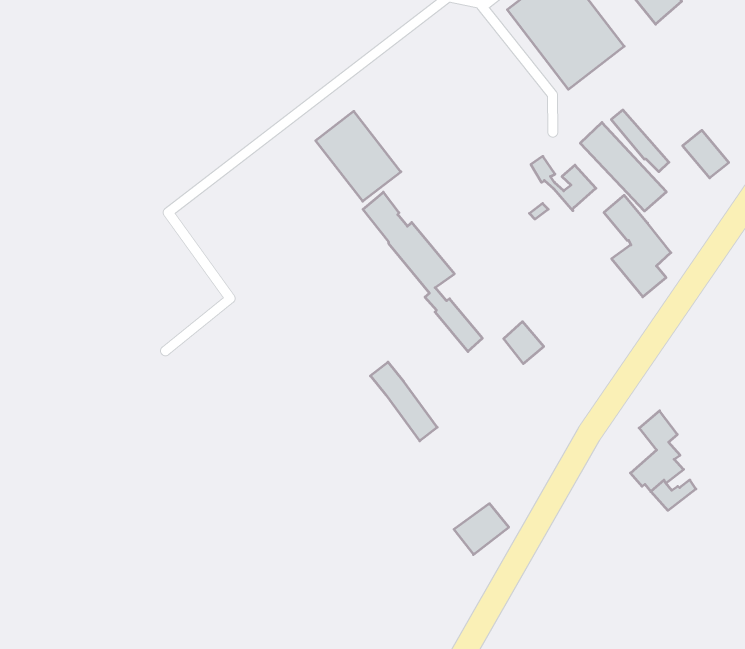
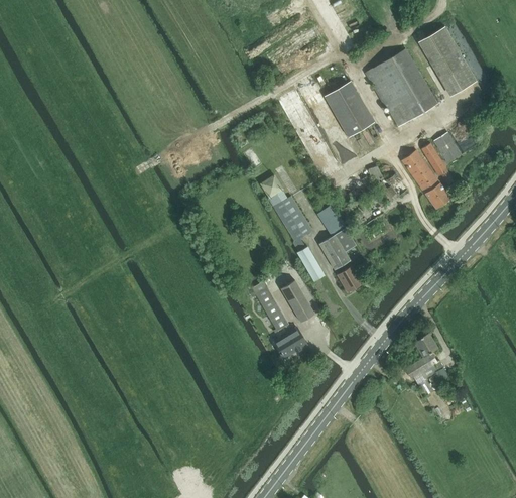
building: [316,111,401,201] -> [324,81,374,137]
building: [683,130,729,178] -> [433,132,461,162]
building: [604,195,671,297] -> [317,205,356,269]
building: none -> [281,280,314,321]
building: [454,504,509,555] -> [273,328,307,358]

